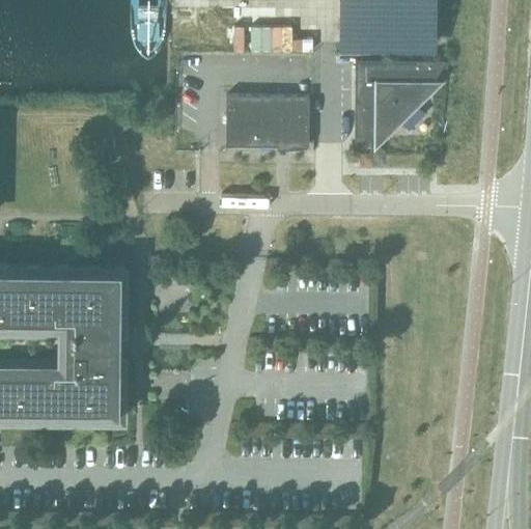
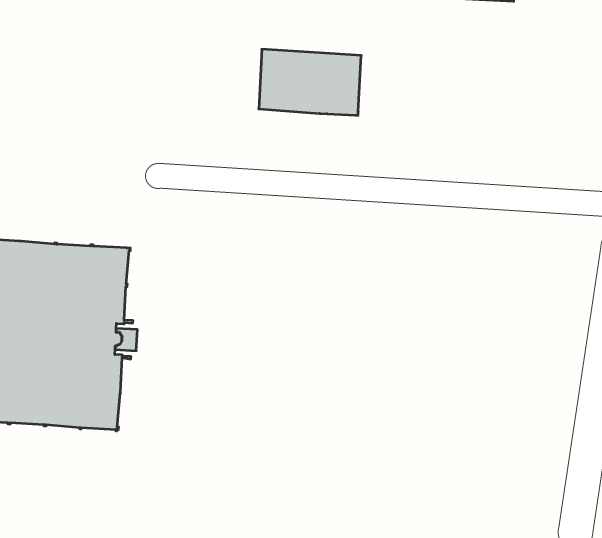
building: [354,62,445,145] -> none

